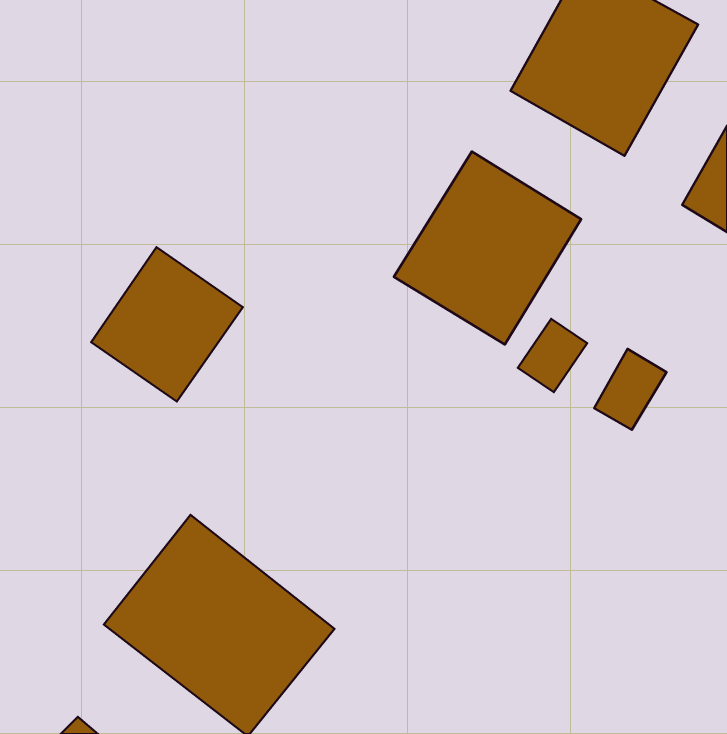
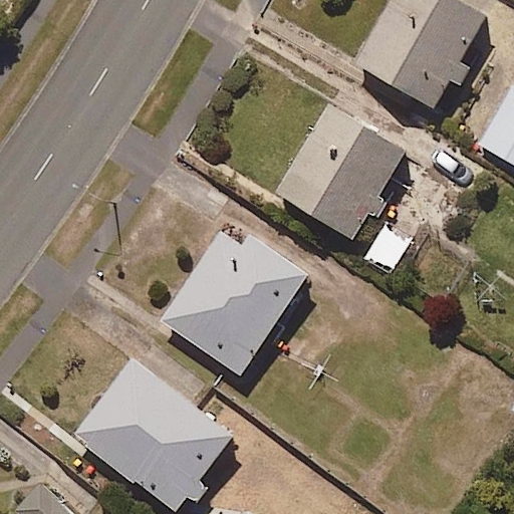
building: [91,247,243,401] -> none
building: none -> [164,232,308,372]

